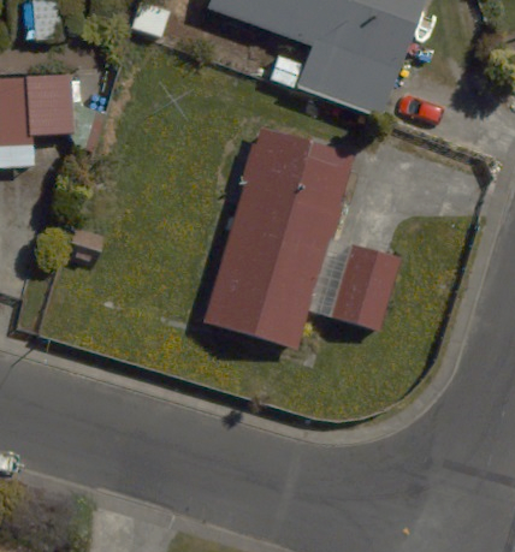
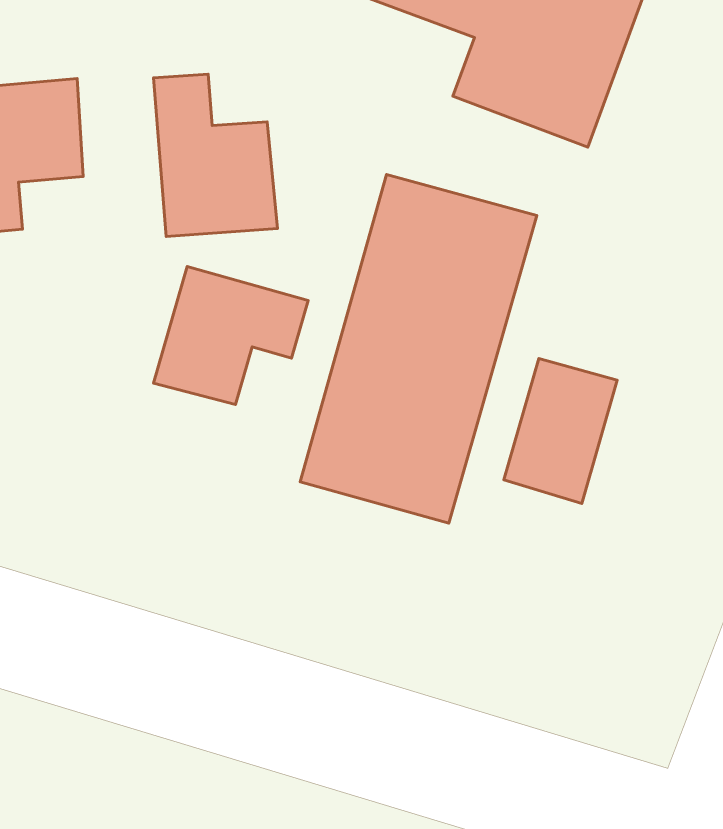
building: none -> [153,74,277,236]
building: none -> [153,267,308,404]

